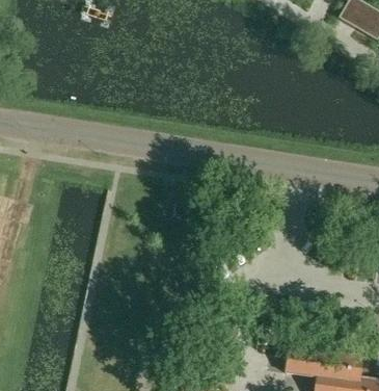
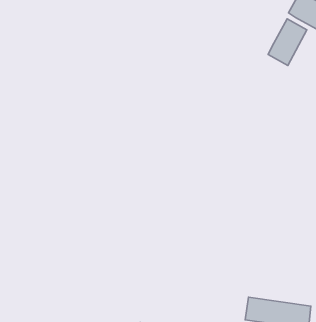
building: none -> [268,19,307,65]

